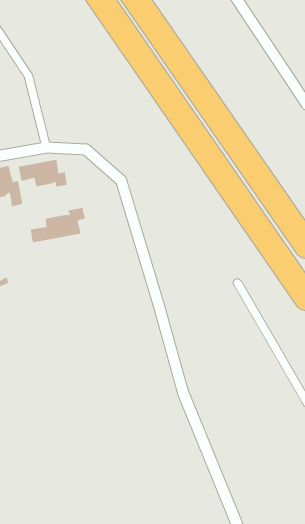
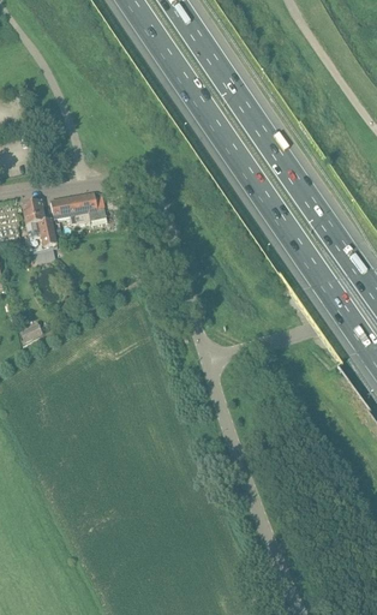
building: [30,207,86,243] -> none

